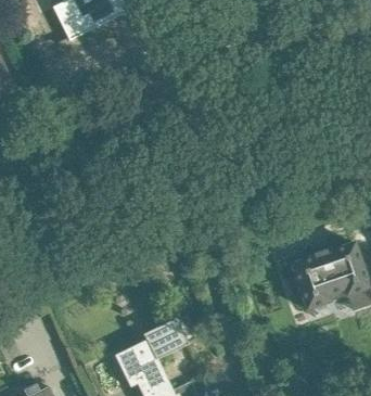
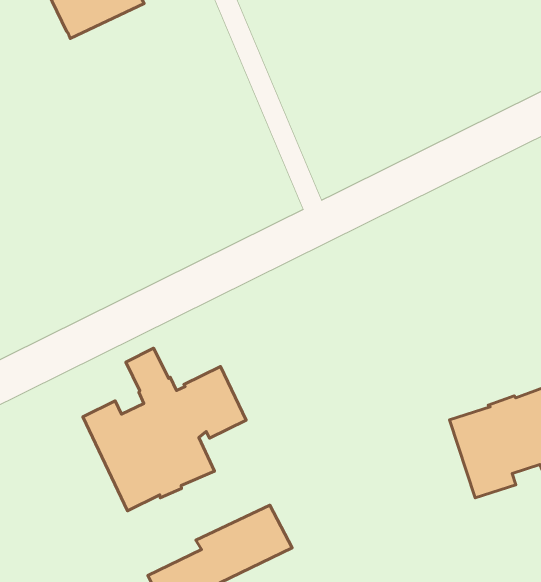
building: none -> [83,348,246,511]

